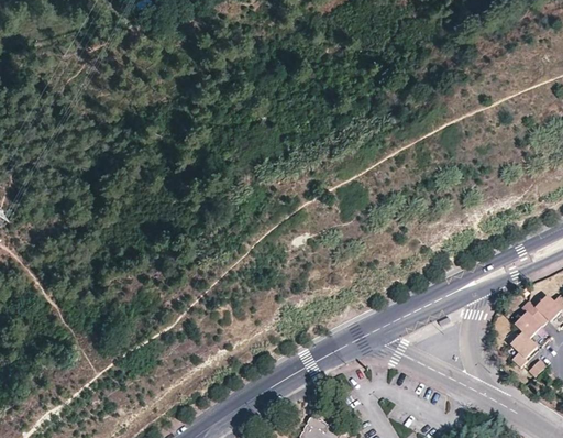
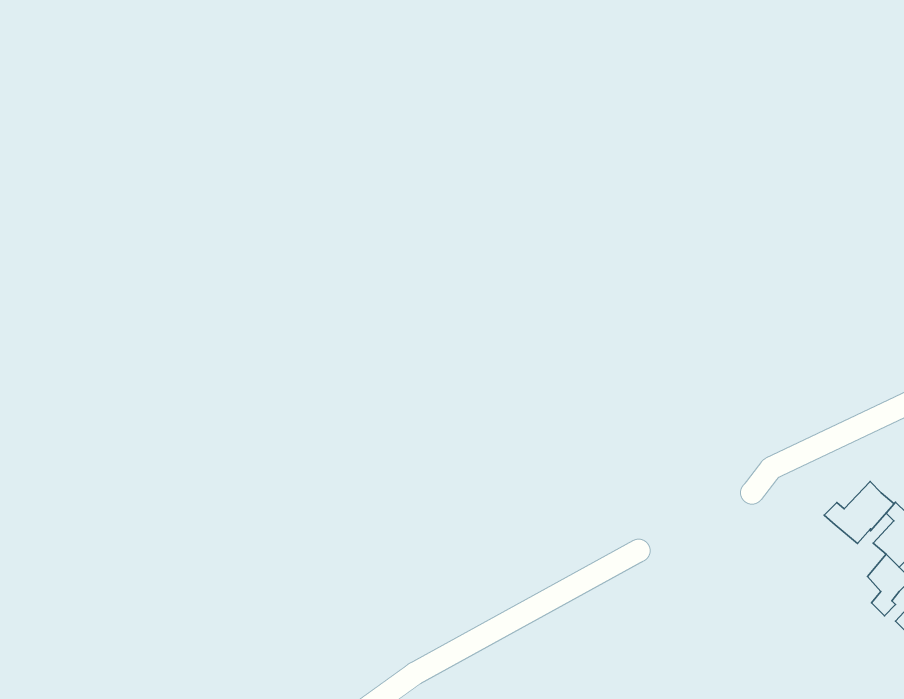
building: none -> [824,481,894,544]

